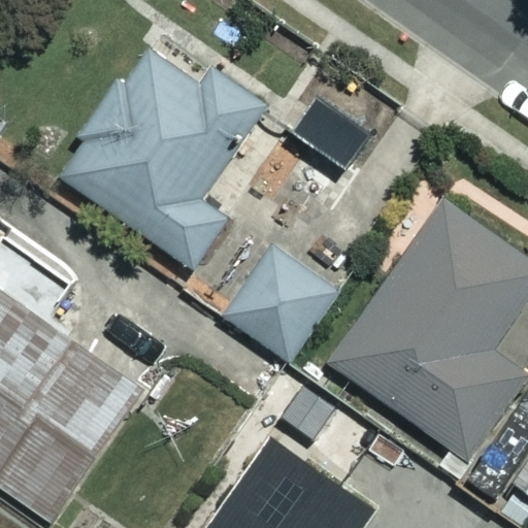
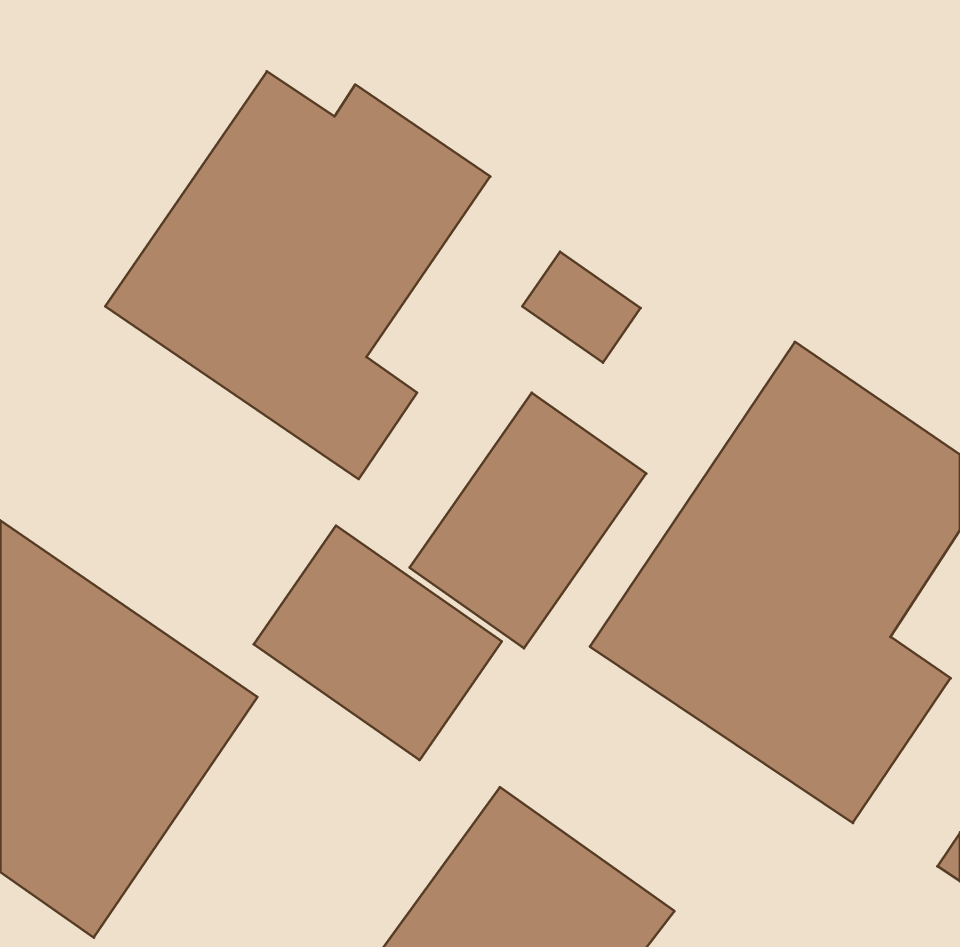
building: none -> [254,526,502,760]

